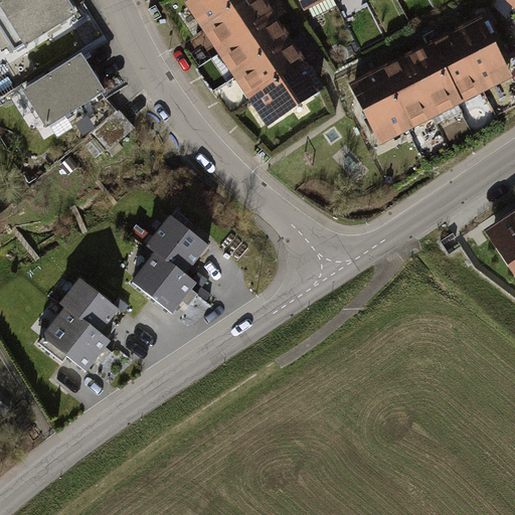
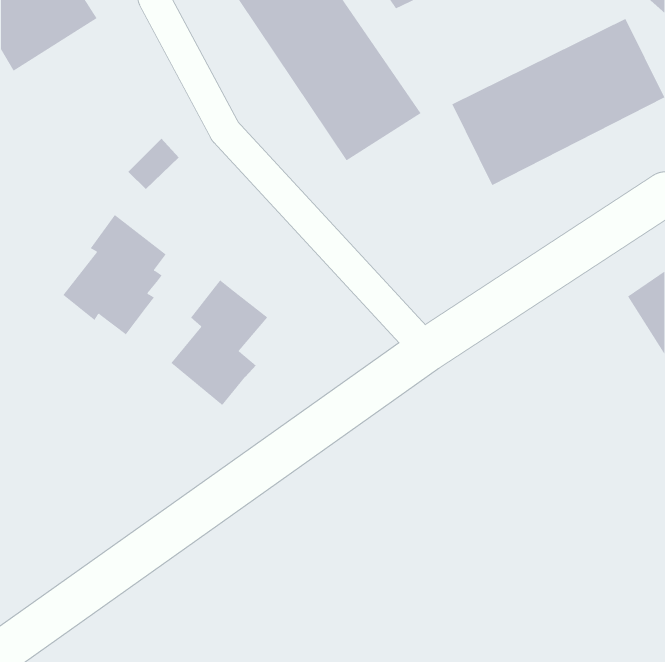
building: [14,49,109,136] -> none
building: [38,277,119,370] -> [62,214,167,335]

